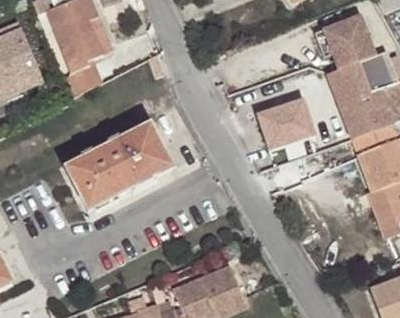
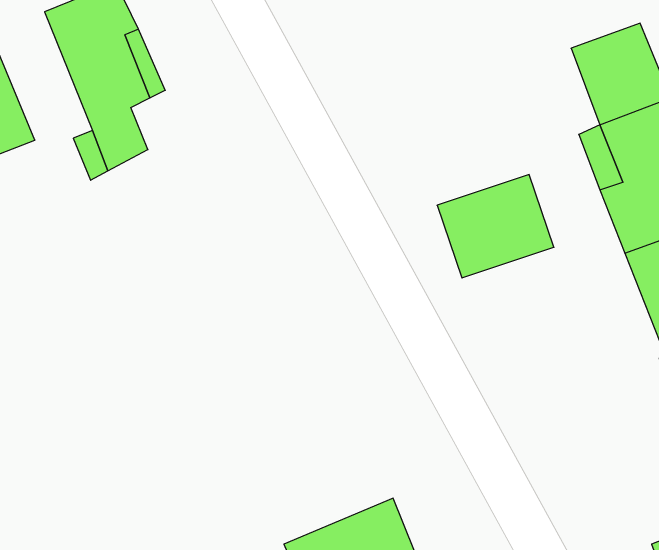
building: [66,123,173,211] -> none

